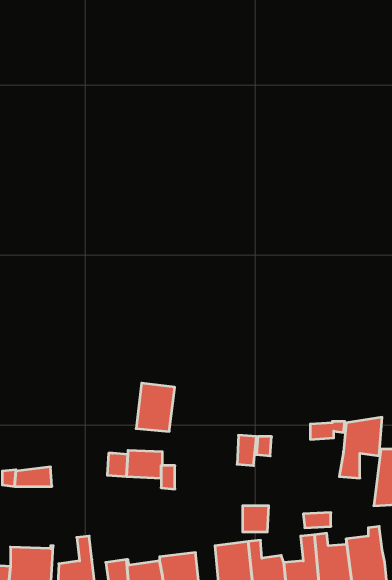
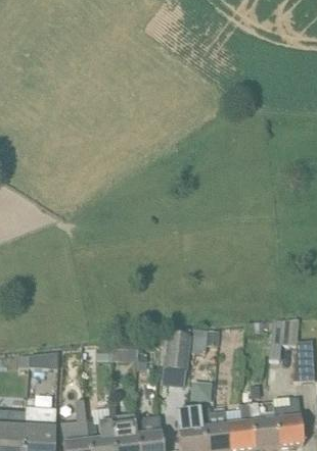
building: [136,383,175,431] -> [163,334,191,369]

